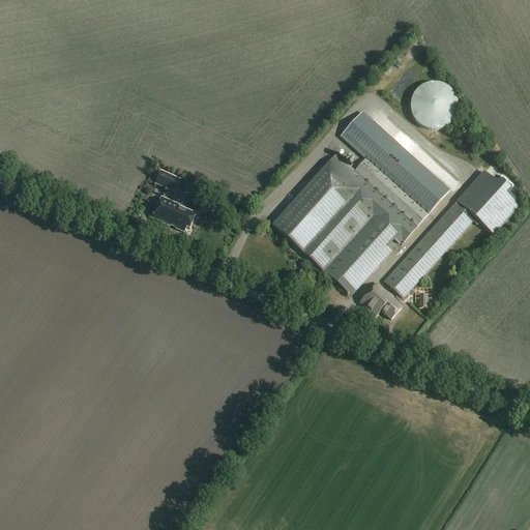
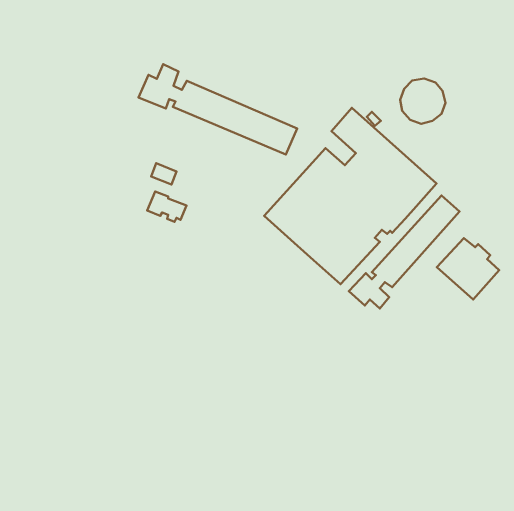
building: none -> [138,64,297,155]
building: [458,170,522,233] -> [437,238,499,300]

